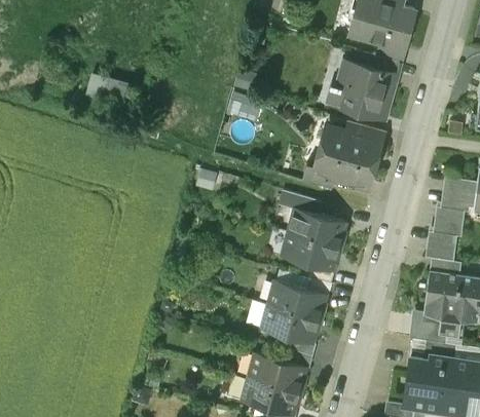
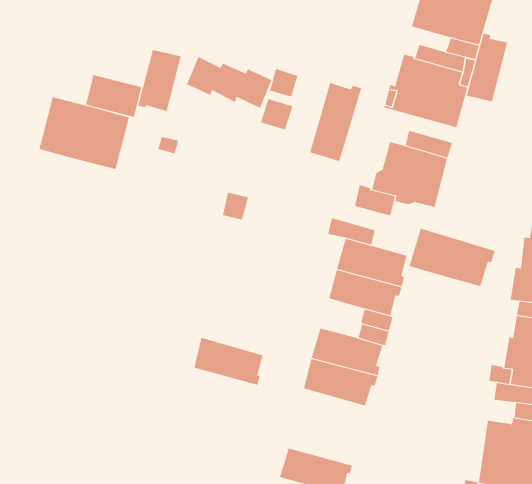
building: none -> [466,33,507,102]
building: none -> [138,49,181,112]
building: none -> [186,56,272,108]
building: none -> [310,82,362,162]
building: none -> [39,97,129,170]
building: none -> [409,228,495,287]
building: [249,353,305,392] -> [193,337,263,385]

